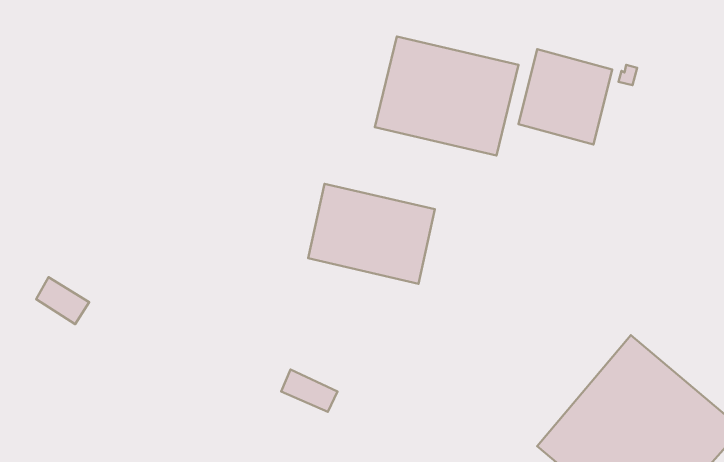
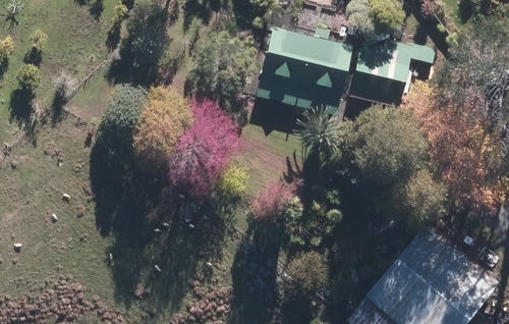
building: [308,184,435,284] -> none

